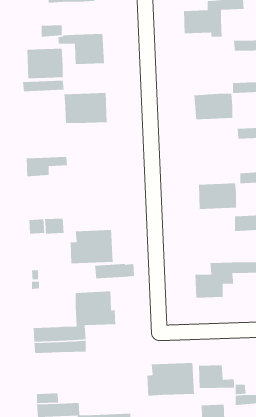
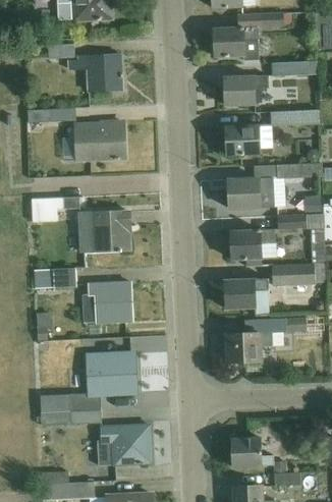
building: [26,48,64,79] -> none
building: none -> [223,74,268,105]
building: none -> [228,175,273,208]
building: none -> [78,211,129,252]
building: none -> [224,277,270,316]
building: [94,263,135,279] -> none
building: [147,362,195,396] -> [96,425,152,464]

